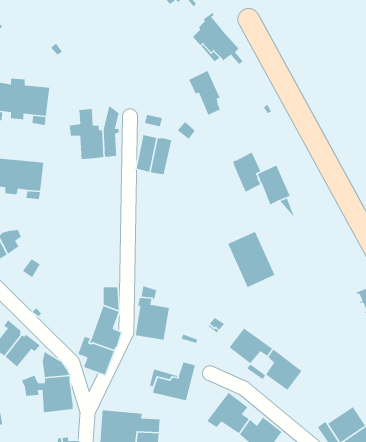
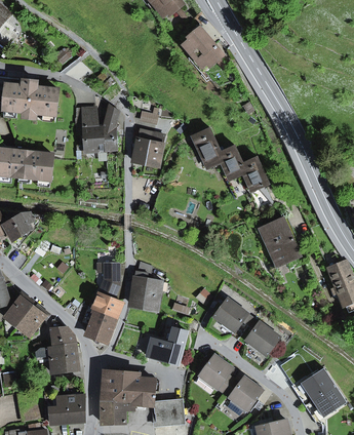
building: [188,70,221,116] -> [191,127,220,167]
building: [227,231,275,288] -> [258,216,300,267]

